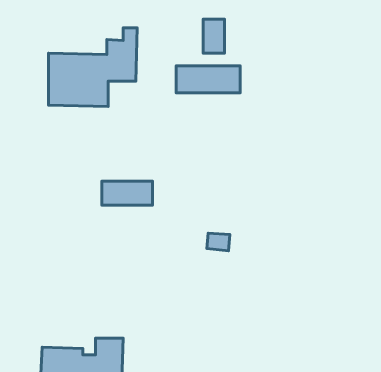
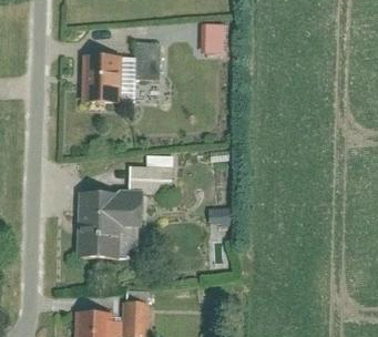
building: [176,66,240,93] -> none
building: none -> [79,187,142,257]

